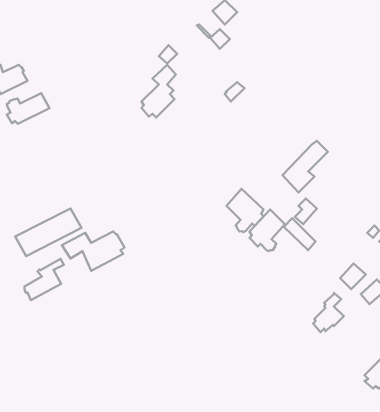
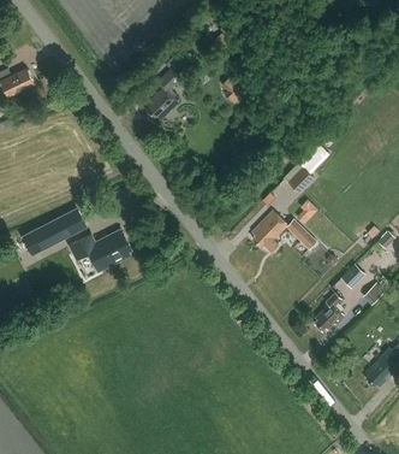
building: [7,93,49,124] -> none
building: [226,189,264,232] -> none
building: [24,259,64,300] -> none

